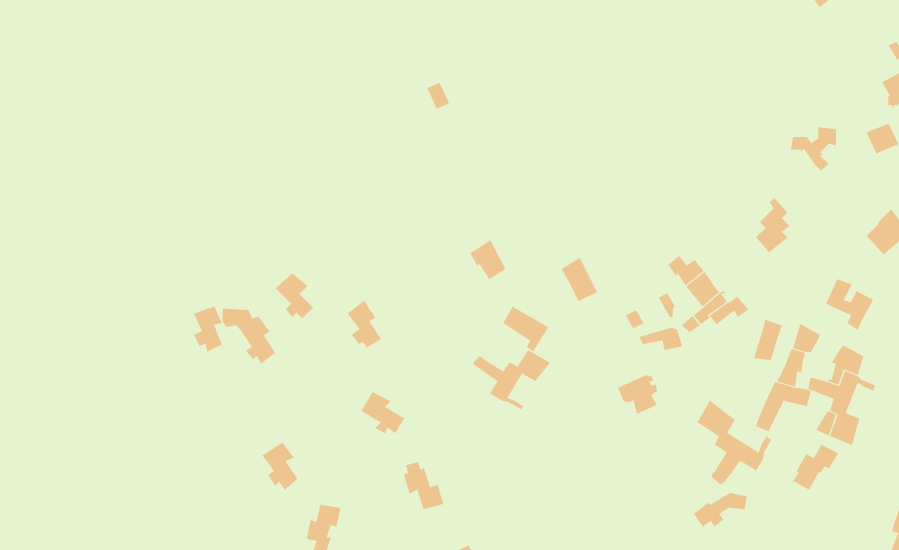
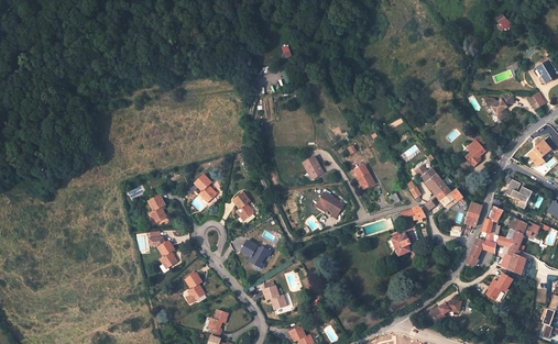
building: [222,308,276,364] -> [146,237,177,269]
building: [472,349,551,410] -> none
building: [696,400,772,486] -> none

